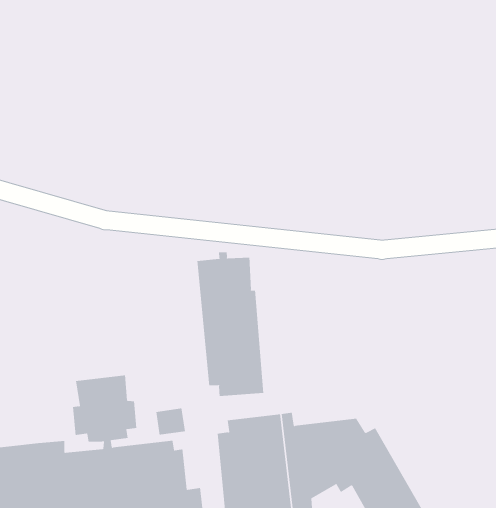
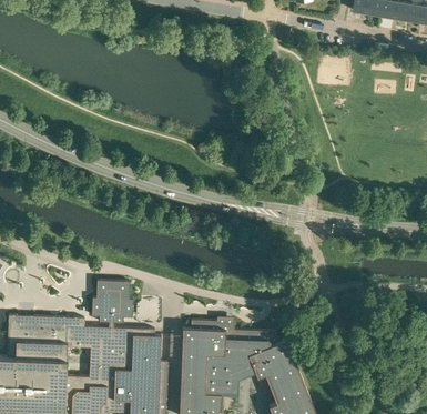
building: [197,252,264,397] -> none

